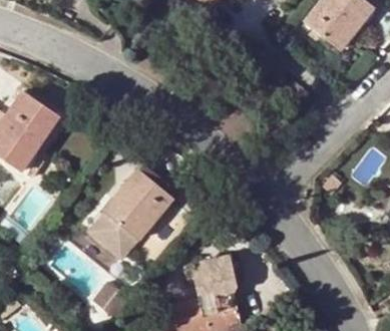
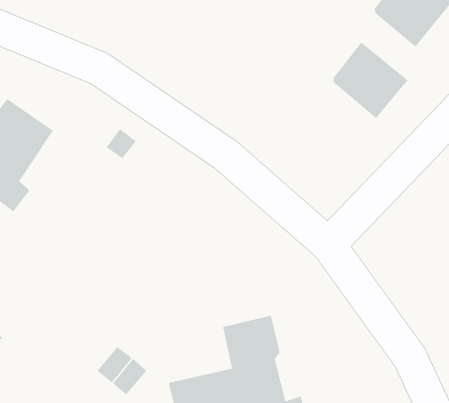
building: none -> [332,41,408,119]
building: [86,162,180,262] -> none

